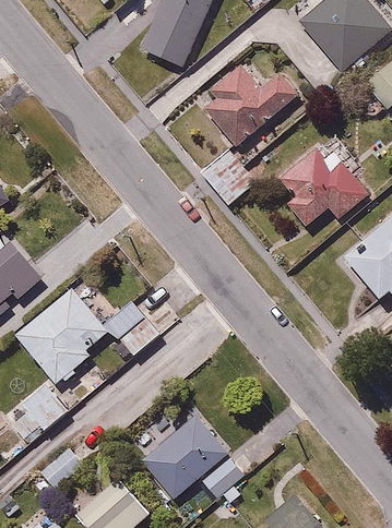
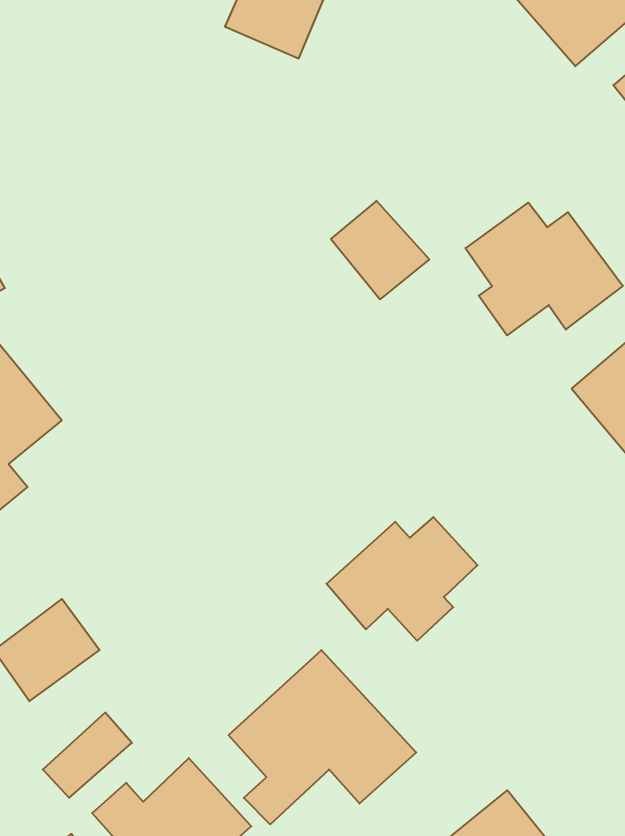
building: [203,60,306,149] -> none
building: [13,284,161,384] -> none
building: none -> [326,517,478,641]

